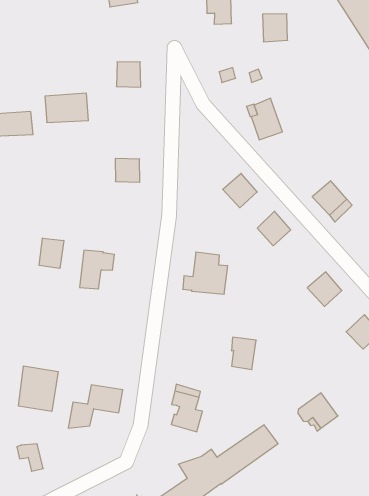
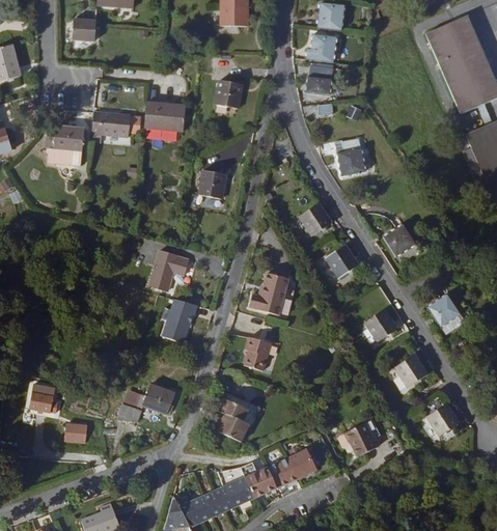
building: [263,14,288,42] -> [306,65,332,93]
building: [39,238,64,268] -> none
building: none -> [160,303,194,347]
building: [231,337,256,370] -> [244,337,271,370]
building: [19,366,58,411] -> none

